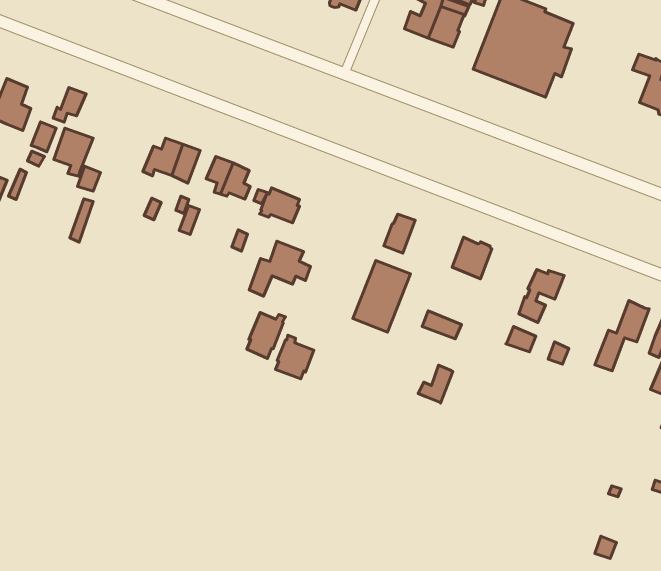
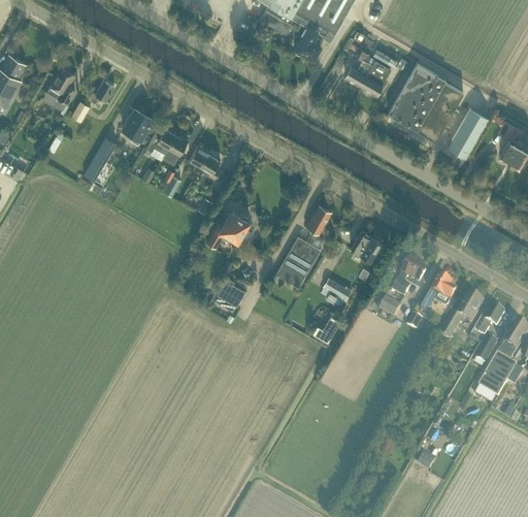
building: none -> [447,107,489,158]
building: [54,128,93,176] -> [123,108,153,143]
building: [260,188,300,223] -> none
building: none -> [422,276,457,314]
building: [247,313,285,358] -> none

